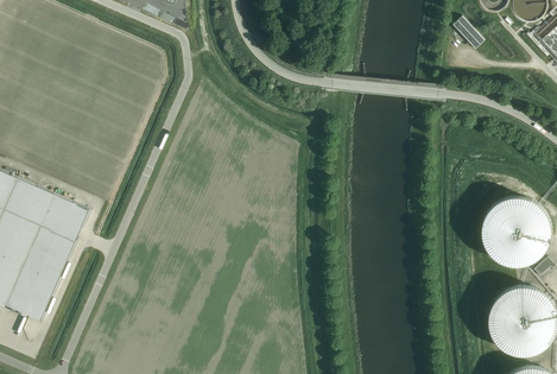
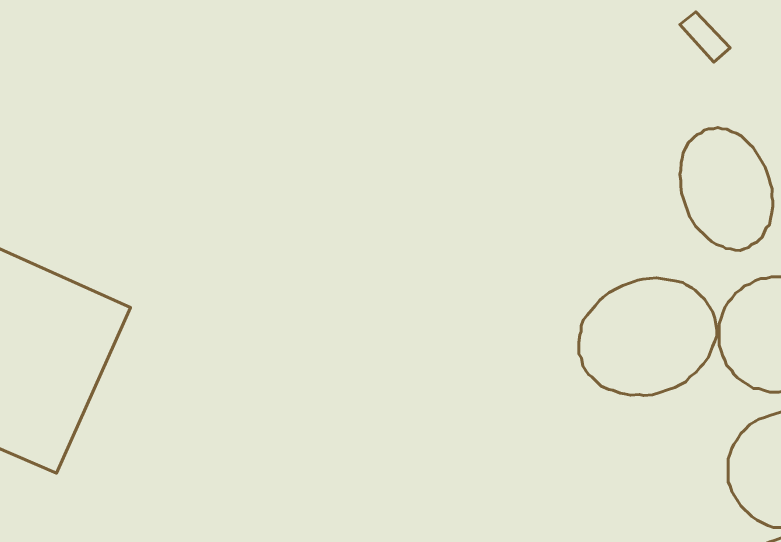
building: none -> [680,128,773,250]
building: none -> [579,278,717,395]

